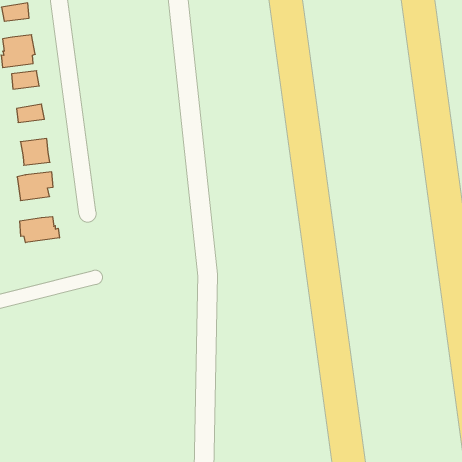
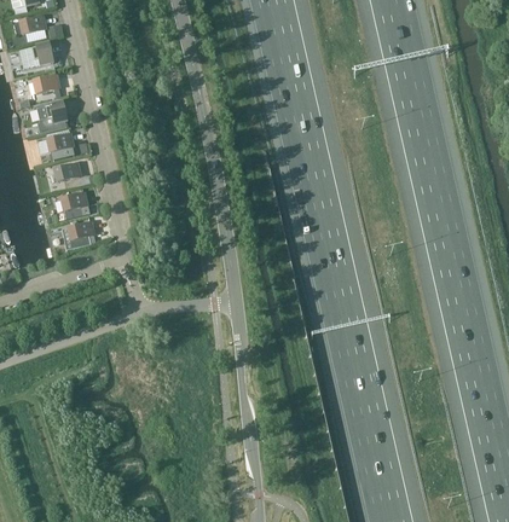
building: [20,217,59,243] -> none

